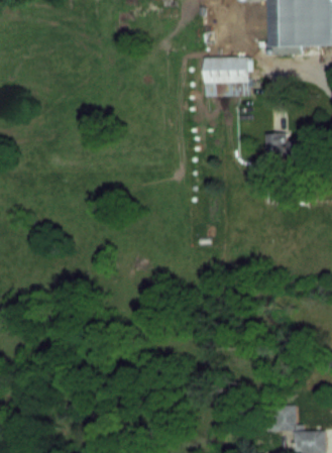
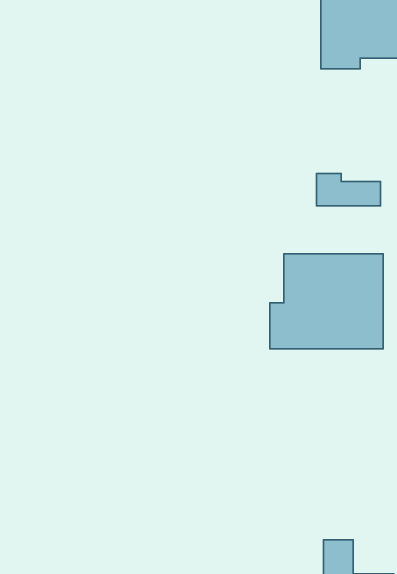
building: [204,58,250,96] -> none
building: none -> [270,254,383,349]

